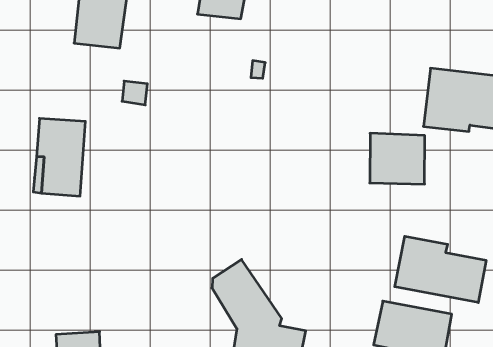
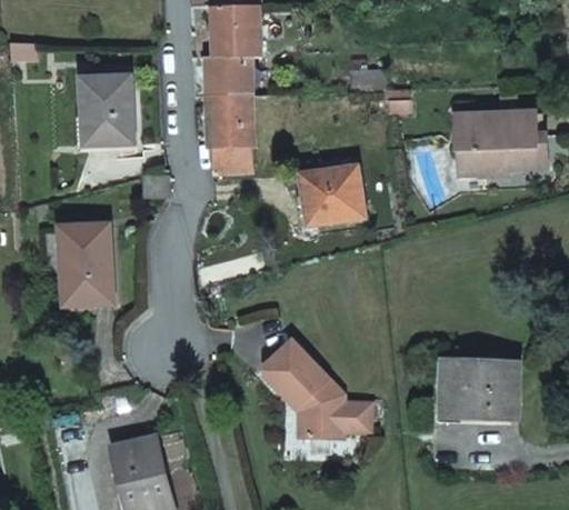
building: none -> [206,92,270,172]
building: [370,133,425,184] -> [300,166,365,223]
building: [395,236,486,303] -> none

